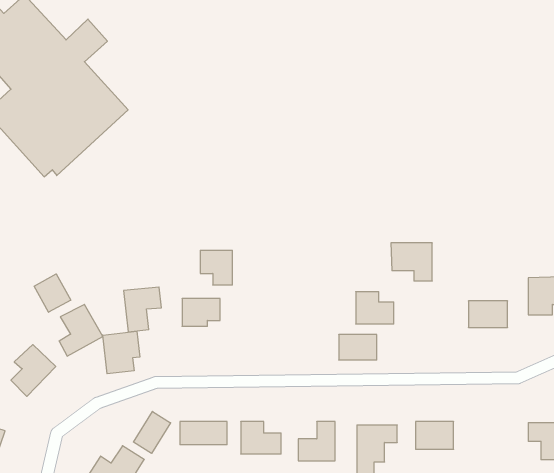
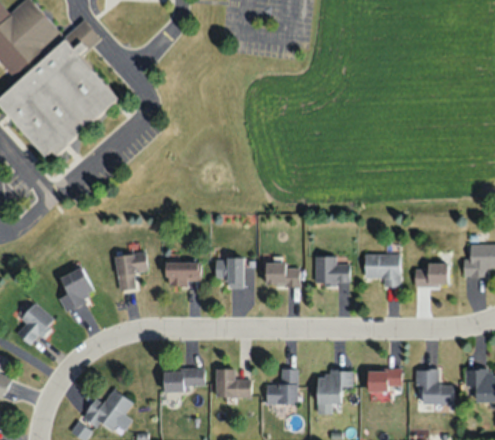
building: [391,243,432,281] -> [364,254,400,287]
building: [200,250,232,285] -> [215,258,243,288]
building: [34,274,71,312] -> none
building: [103,331,140,374] -> none
building: [339,335,377,360] -> [266,264,299,286]
building: [133,411,171,453] -> none
building: none -> [417,370,453,404]

